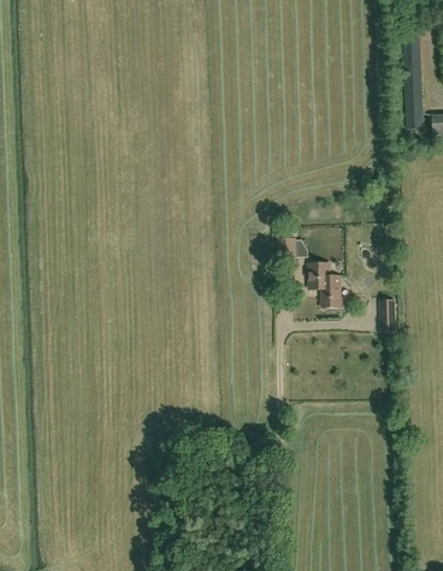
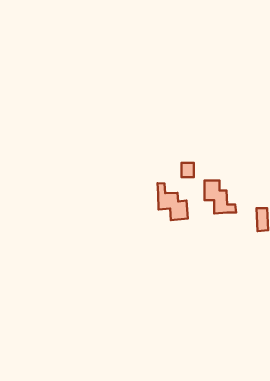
building: none -> [157,183,188,220]

